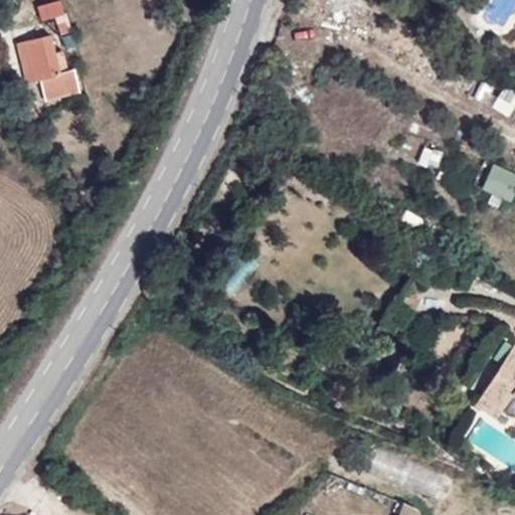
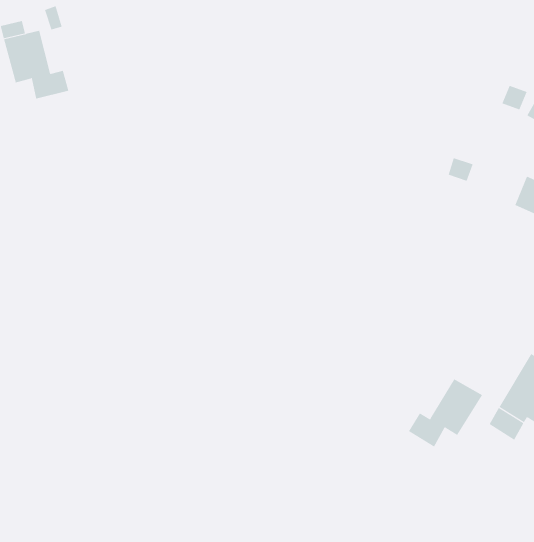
building: none -> [408,379,483,447]

